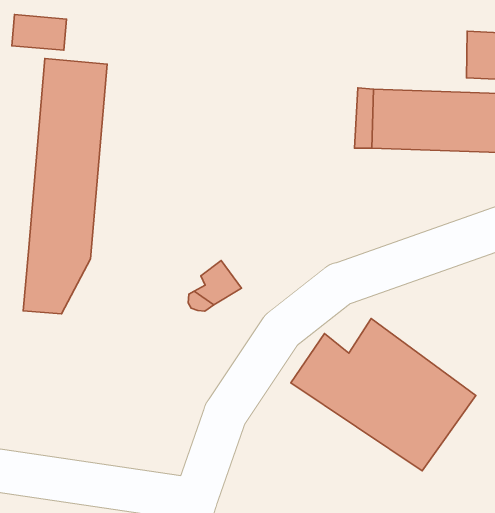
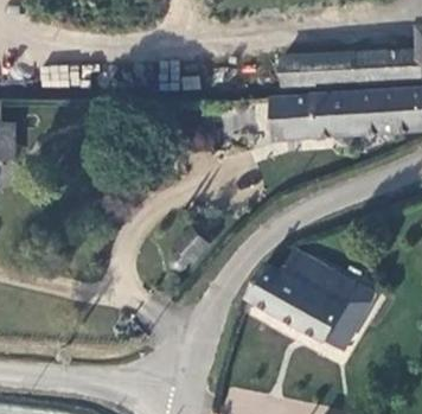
building: none -> [282,50,347,84]
building: [23,58,107,314] -> none

